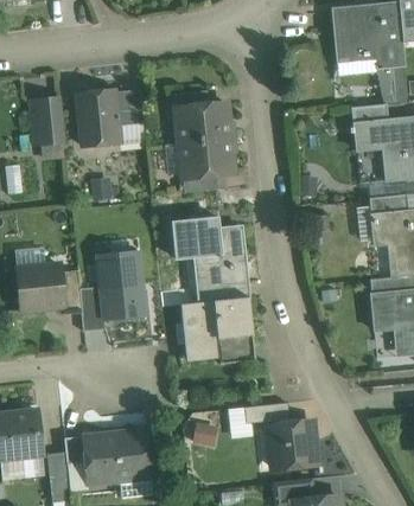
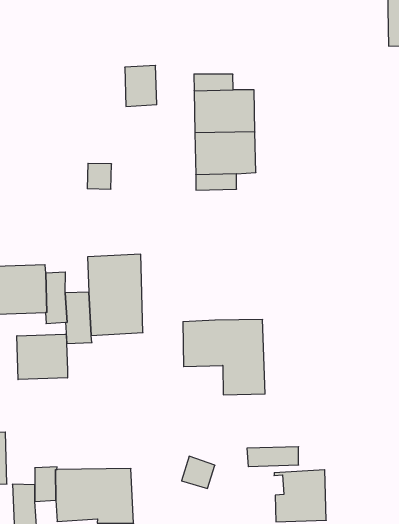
building: [77,90,119,147] -> none
building: [26,96,63,147] -> none
building: [171,218,248,301] -> none
building: none -> [17,334,68,380]

